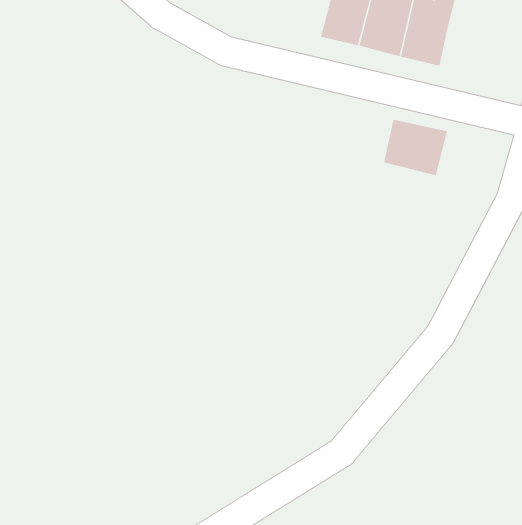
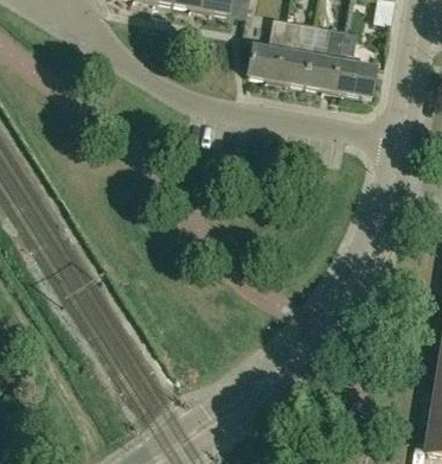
building: [383,119,448,176] -> [332,58,376,96]

